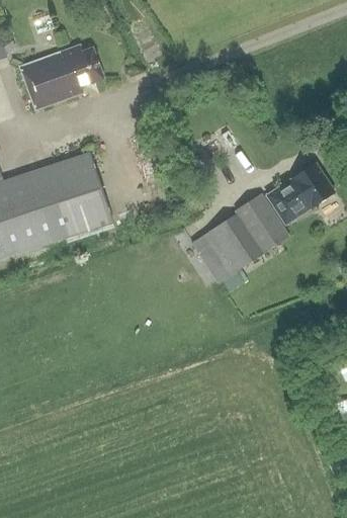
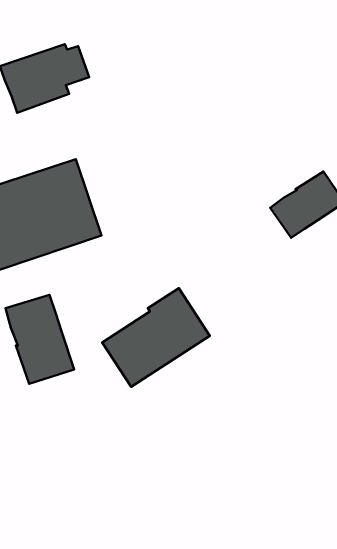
building: [191,192,289,282] -> [102,288,210,387]
building: none -> [6,295,74,384]

